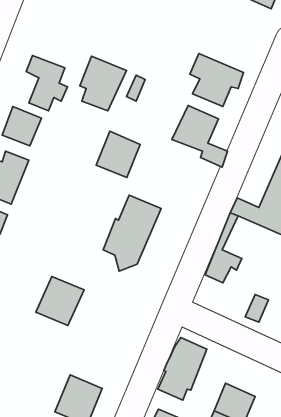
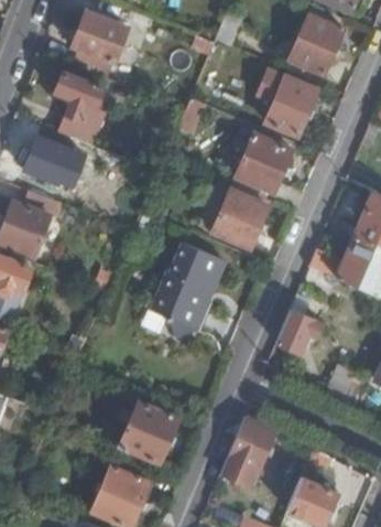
building: none -> [290,17,341,76]
building: [80,56,126,111] -> [73,12,130,79]
building: [96,131,140,178] -> [214,190,268,247]
building: [36,276,84,326] -> [119,400,178,461]

